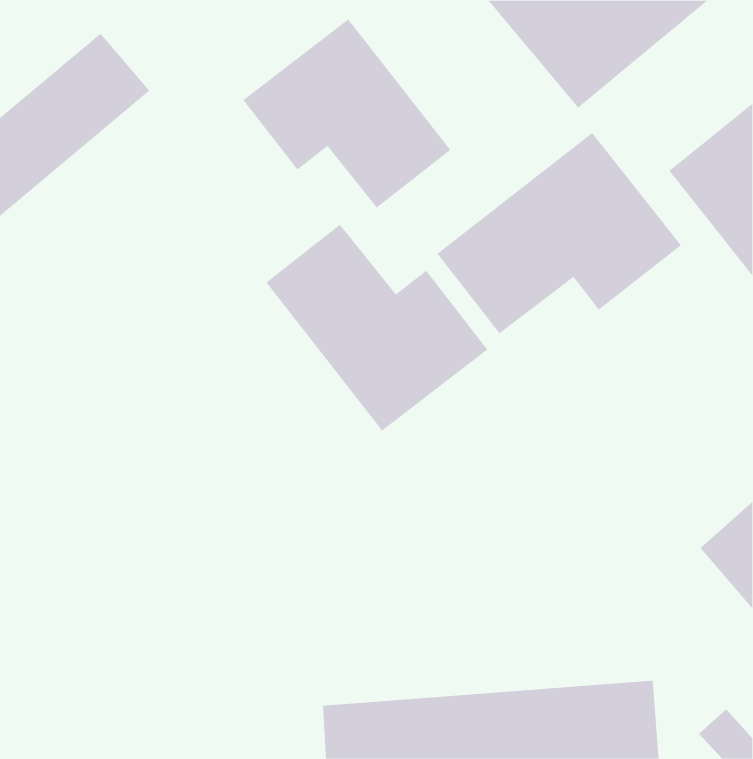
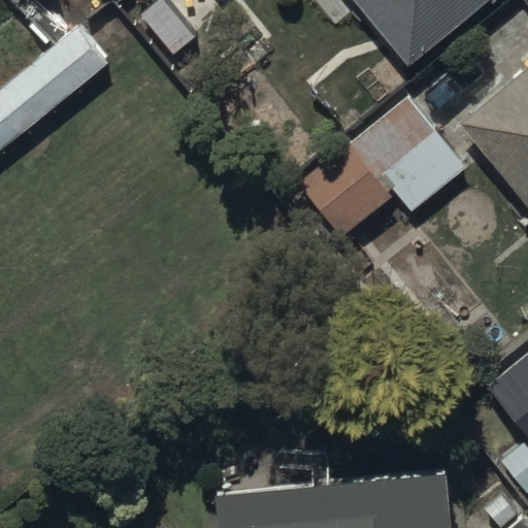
building: [243,18,451,208] -> none
building: [266,224,488,432] -> none

